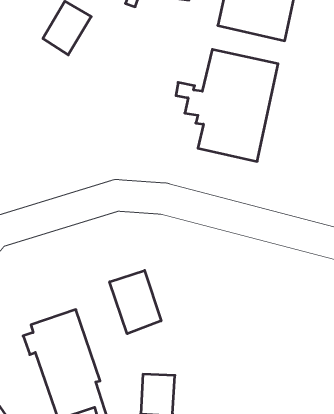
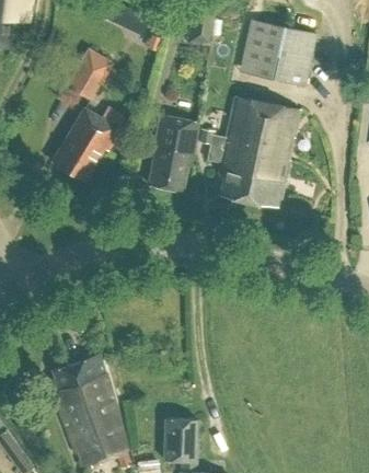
building: none -> [47,108,118,182]
building: none -> [150,115,199,193]
building: [110,270,161,334] -> none

